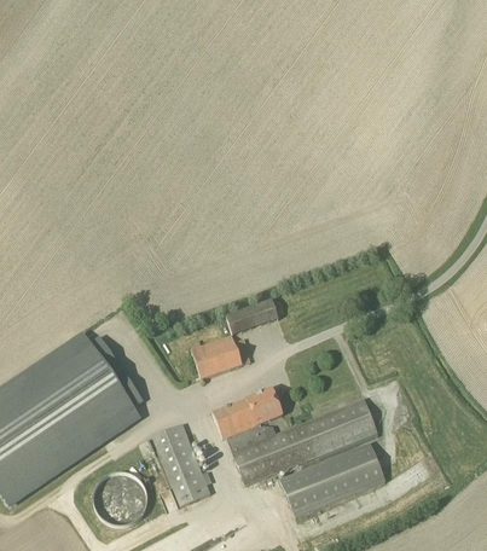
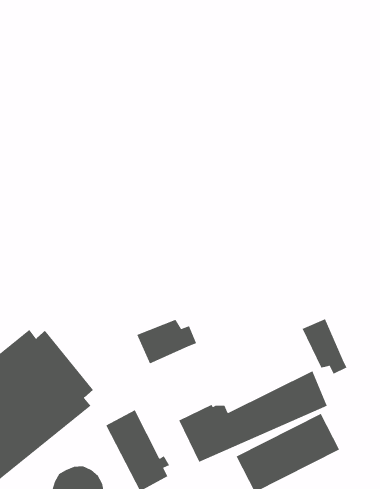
building: [226,301,277,336] -> none
building: none -> [302,318,347,375]
building: [213,388,283,437] -> none

